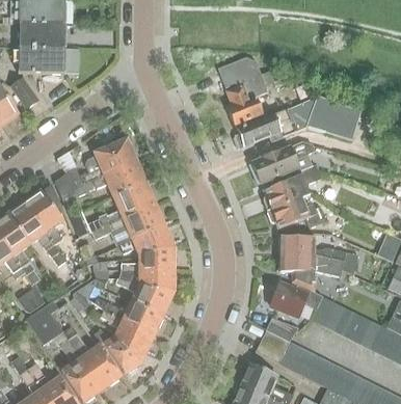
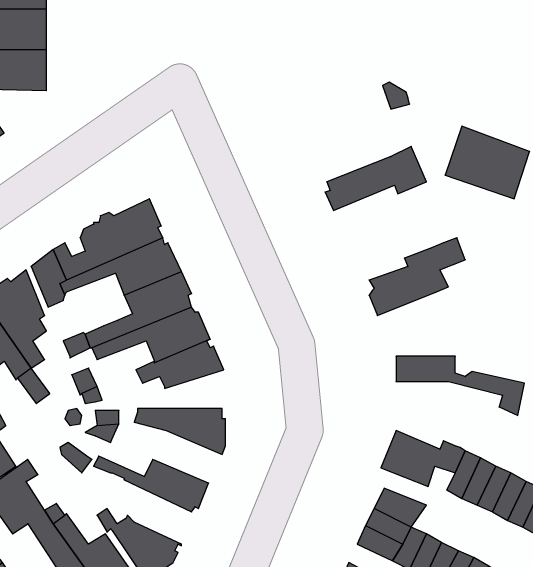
building: [218,57,268,128] -> none
building: [289,96,320,130] -> none
building: [252,141,315,184] -> none
building: [268,197,327,228] -> none
building: [121,245,175,269] -> none
building: [279,252,345,292] -> none
building: [115,277,172,315] -> none
building: [101,308,154,352] -> none

